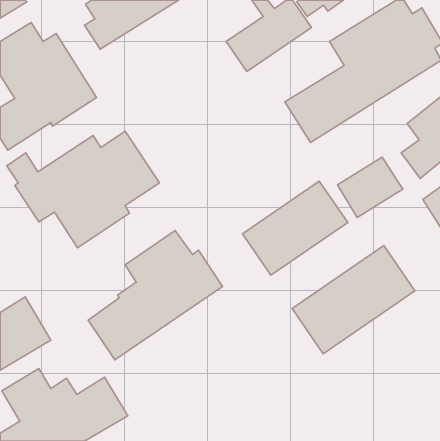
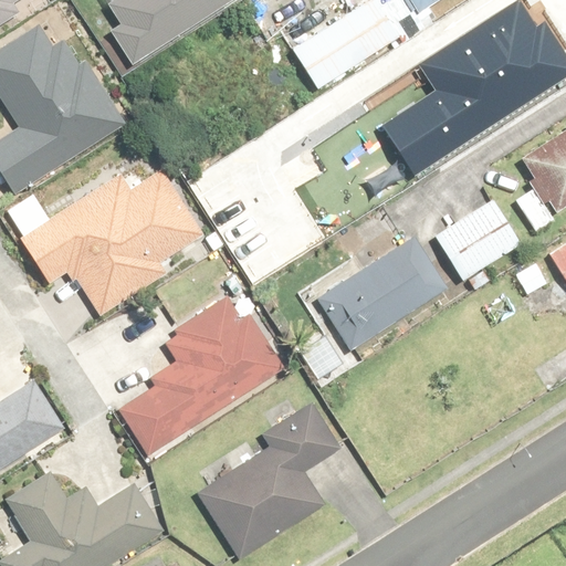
building: [292,246,415,354] -> none
building: none -> [201,402,343,558]

